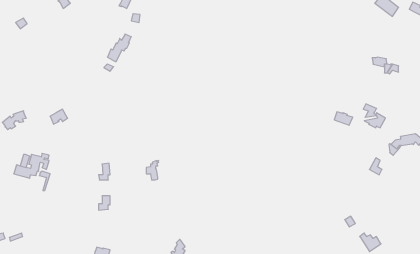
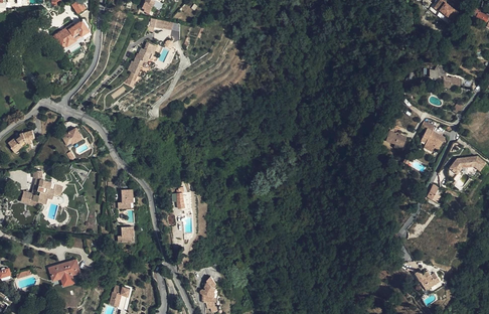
building: none -> [53,19,92,48]
building: none -> [49,260,80,281]

